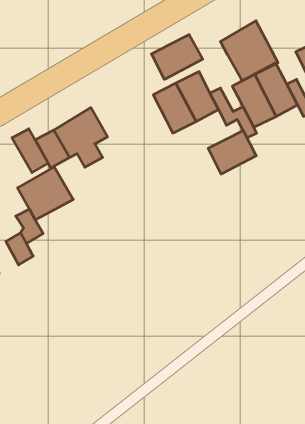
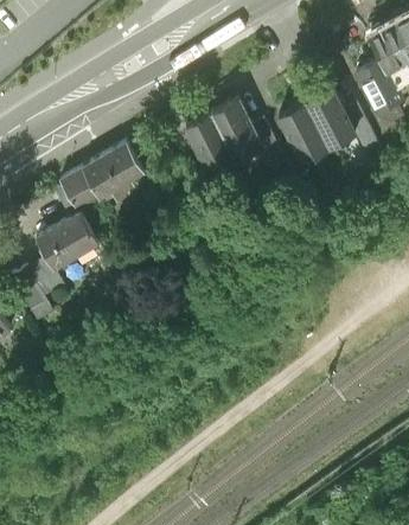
building: [220,21,278,81] -> none
building: [151,35,203,79] -> none
building: [12,129,48,173] -> none
building: [208,131,256,174] -> none

